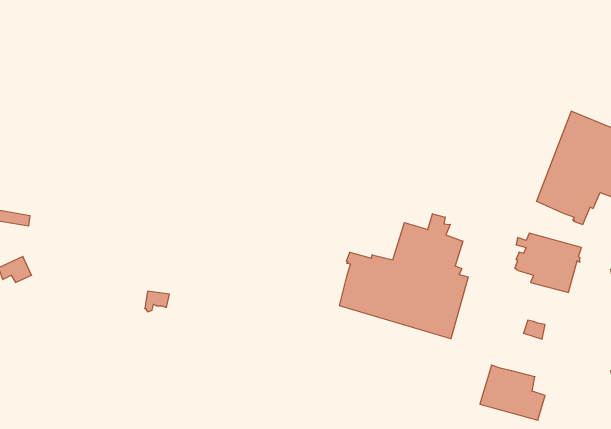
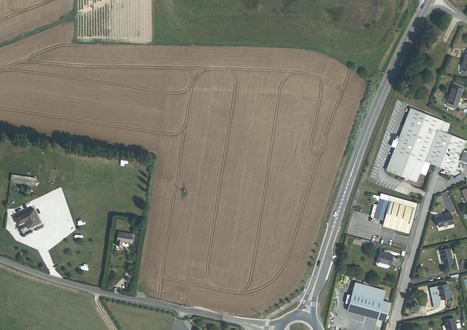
building: [340,214,468,339] -> none

